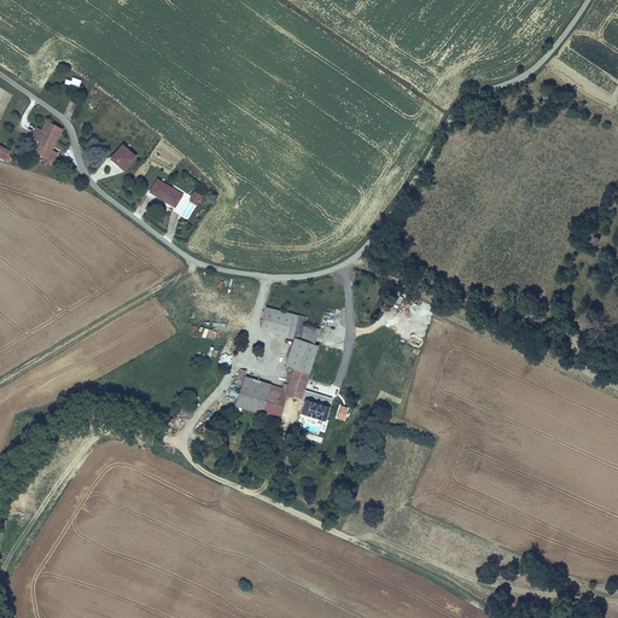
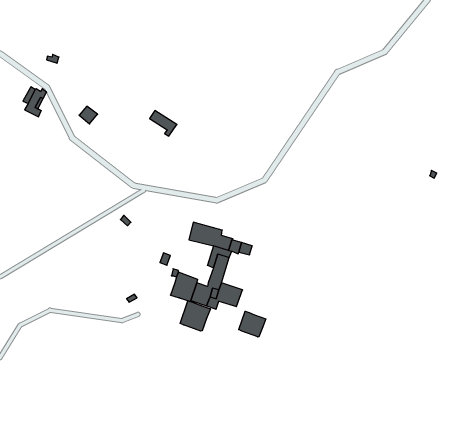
building: [151,181,188,216] -> [150,111,177,136]
building: none -> [180,301,210,331]
building: none -> [239,311,266,337]

